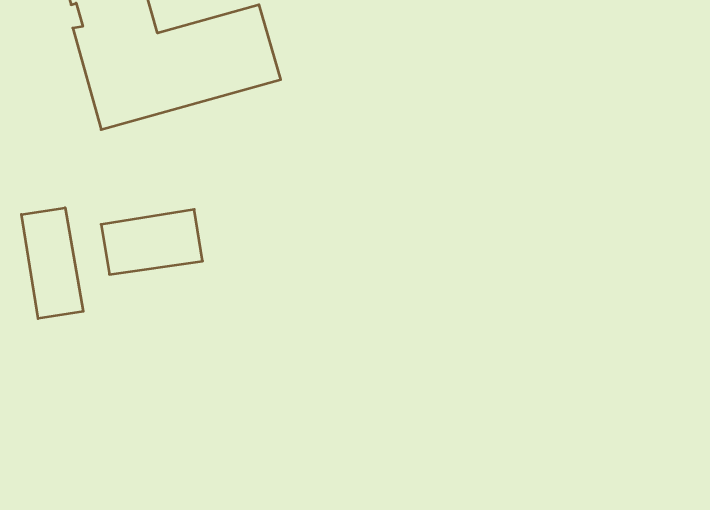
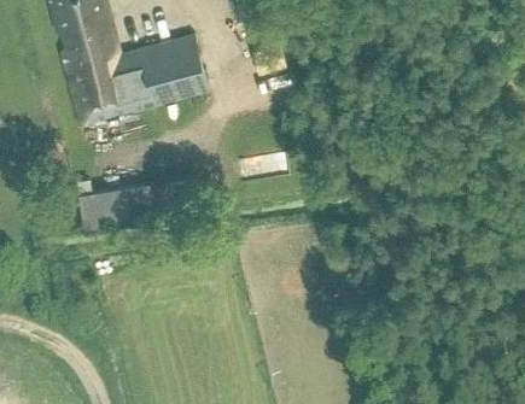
building: [21,208,83,319] -> none

